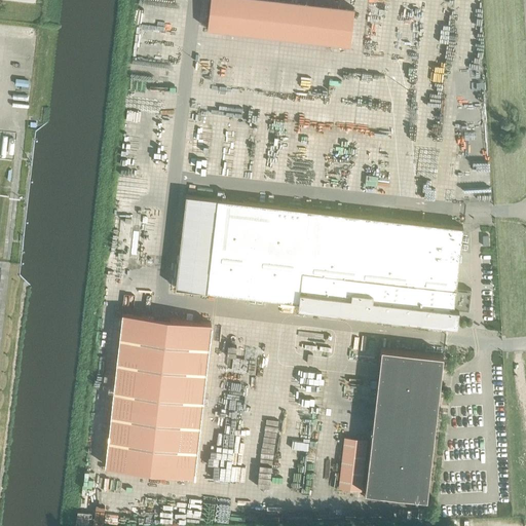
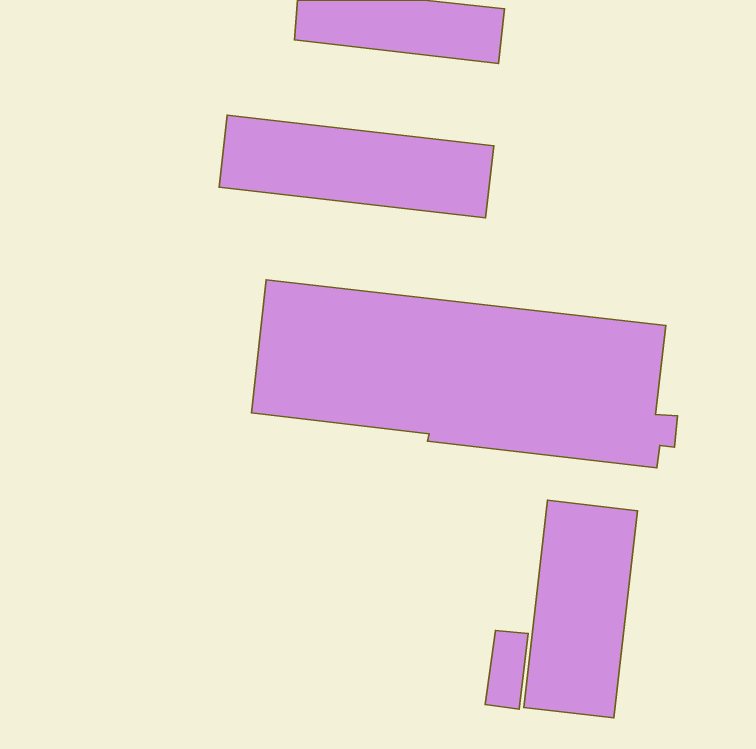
building: none -> [219,115,494,218]
building: [105,317,211,481] -> none

